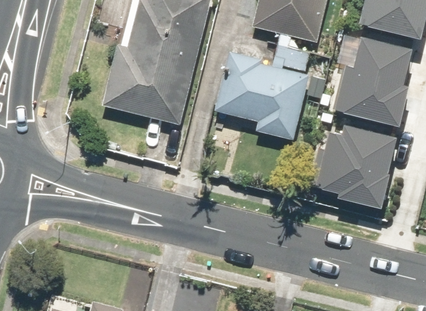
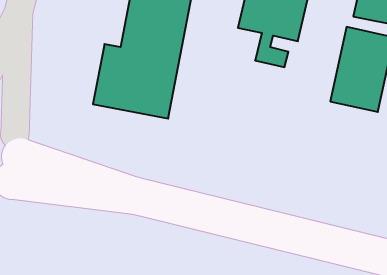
building: [210,56,303,145] -> none
building: [330,122,400,201] -> none

